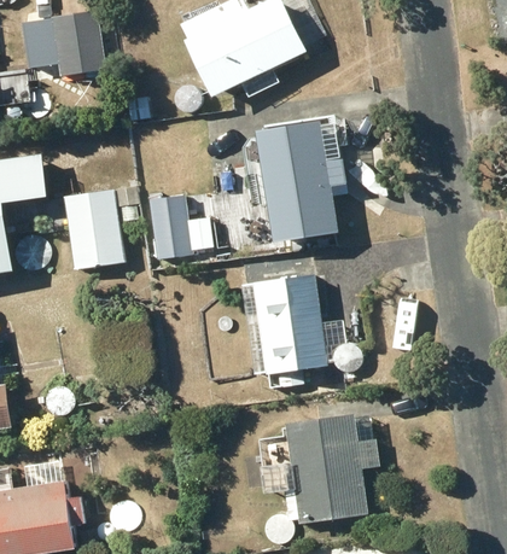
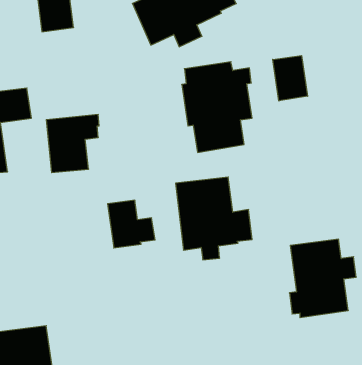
building: none -> [273,56,308,101]
building: [147,194,212,259] -> [108,200,155,248]
building: [285,415,377,523] -> [289,239,356,318]

